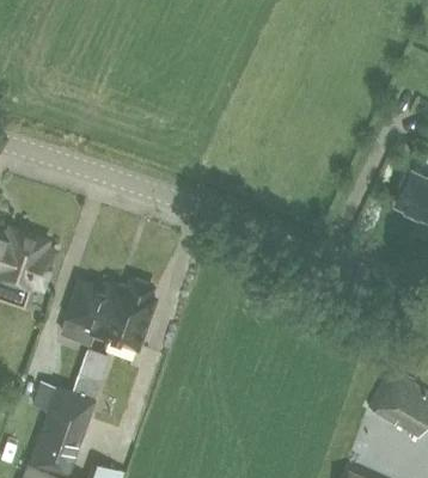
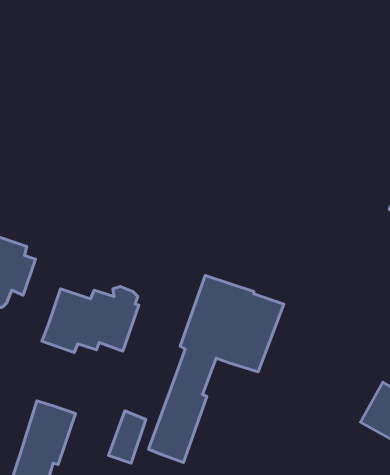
building: none -> [148,275,284,462]
building: [72,351,108,402] -> [109,411,146,463]

